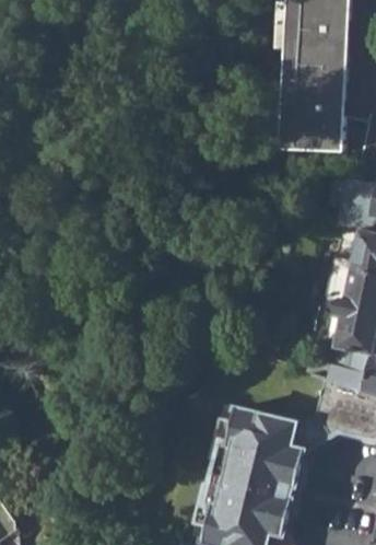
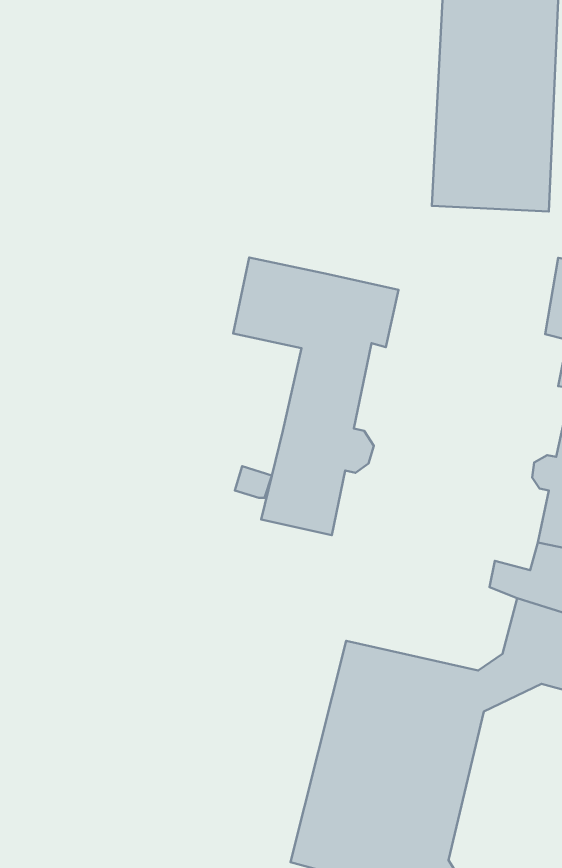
building: none -> [233,257,399,535]

